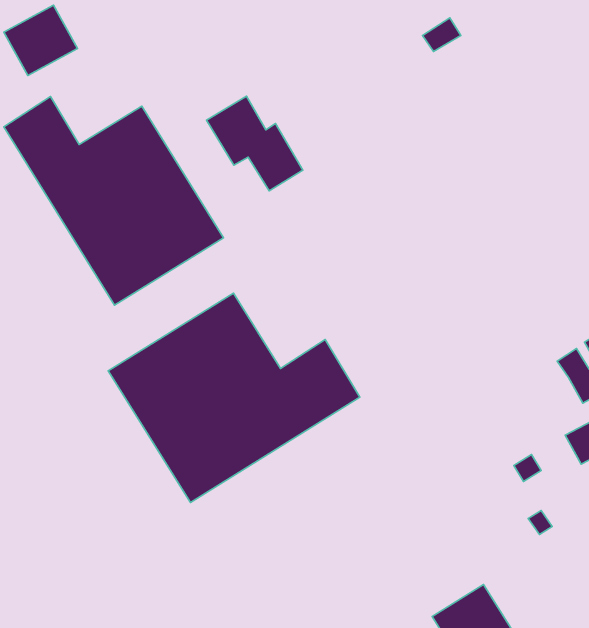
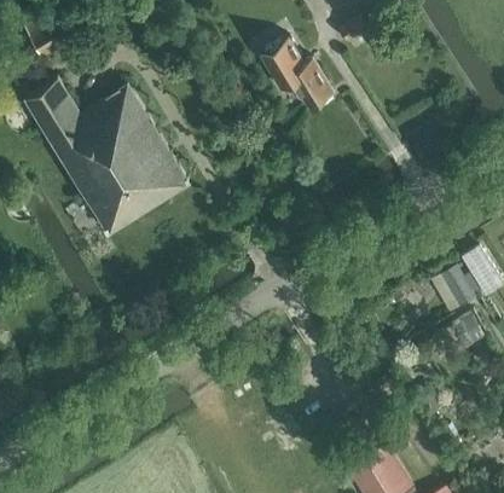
building: [207,96,303,191] -> [260,36,332,108]
building: [108,293,360,502] -> none

